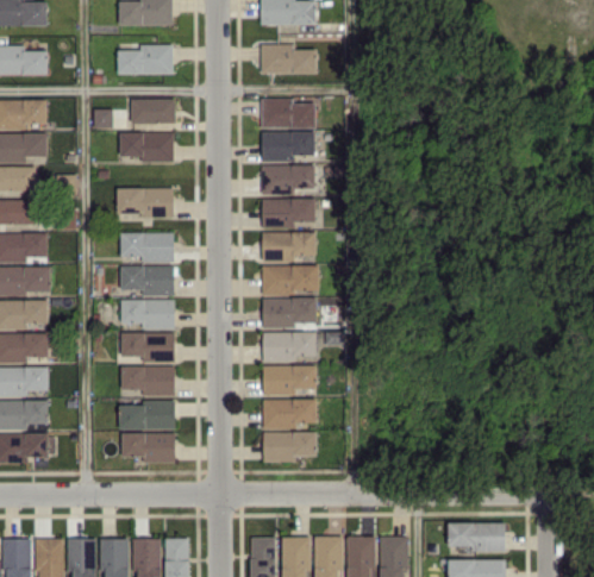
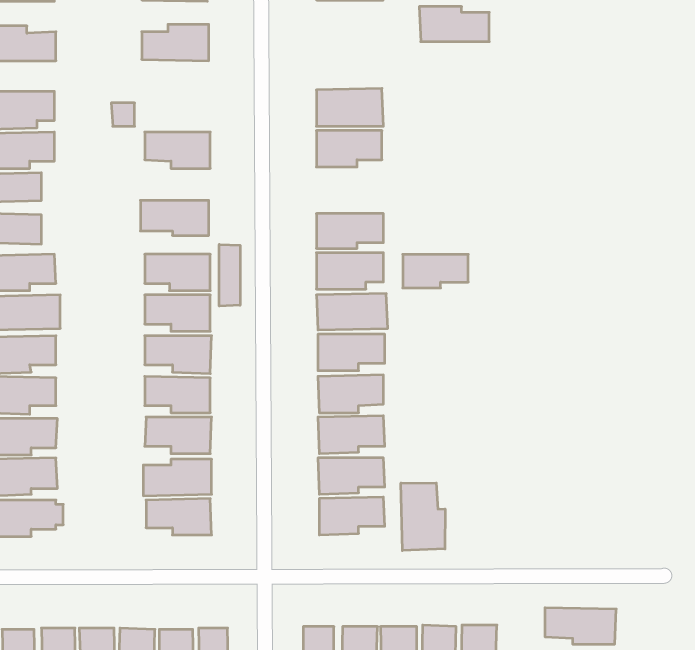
building: [260,44,317,73] -> [419,7,489,42]
building: [131,98,175,123] -> none
building: [261,165,314,193] -> [403,254,468,288]
building: none -> [219,244,240,306]
building: none -> [401,483,445,551]

